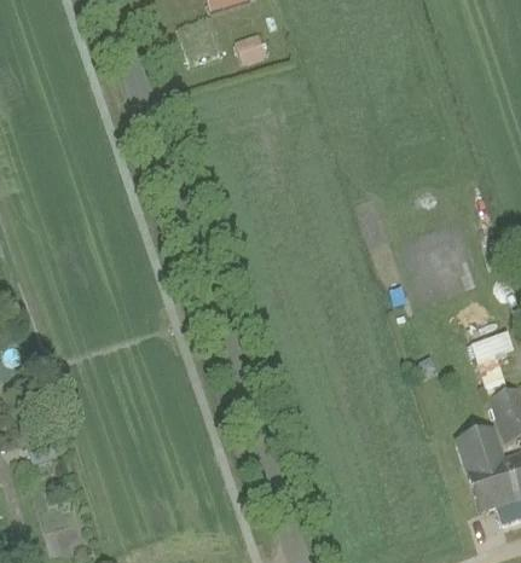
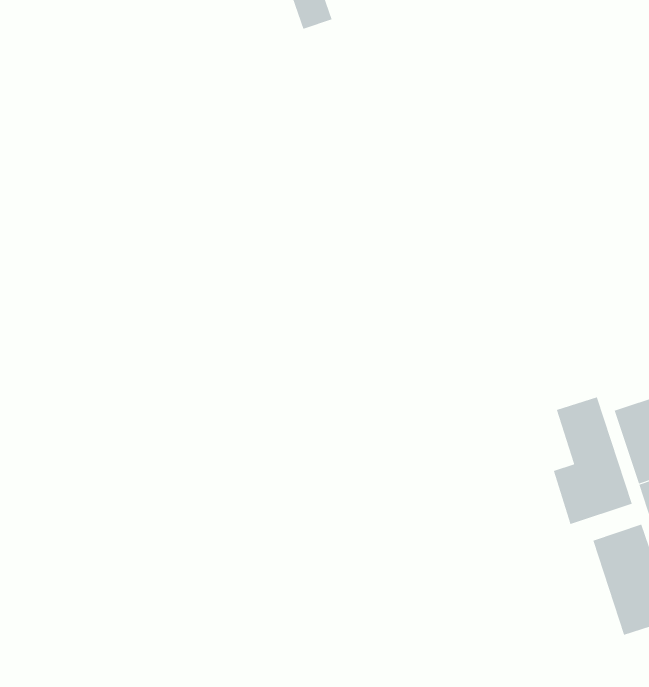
building: none -> [553,396,633,525]

